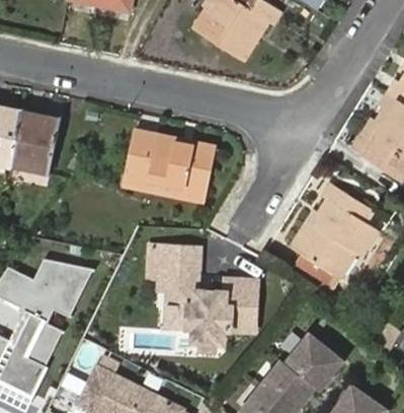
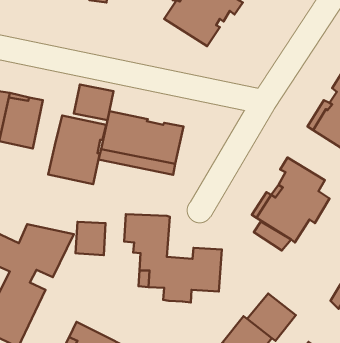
building: none -> [74,84,114,120]
building: none -> [48,116,106,184]
building: none -> [75,222,105,255]

